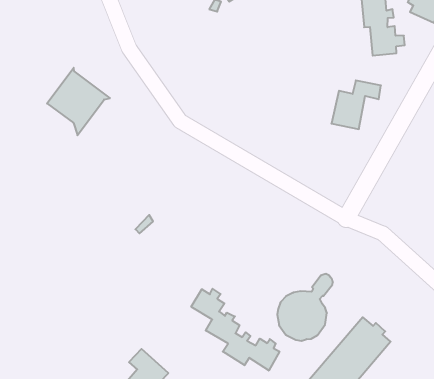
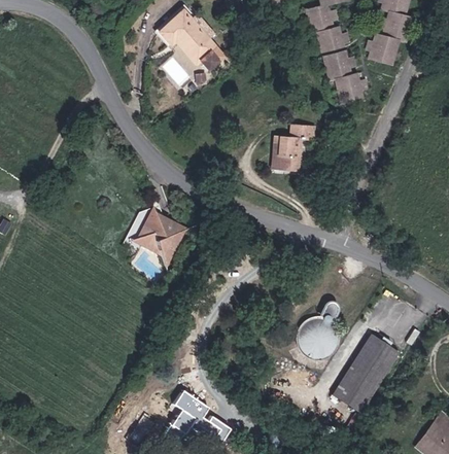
building: [47,68,110,135] -> [134,206,188,265]
building: [331,80,381,129] -> [274,124,312,166]
building: [191,289,279,371] -> none

